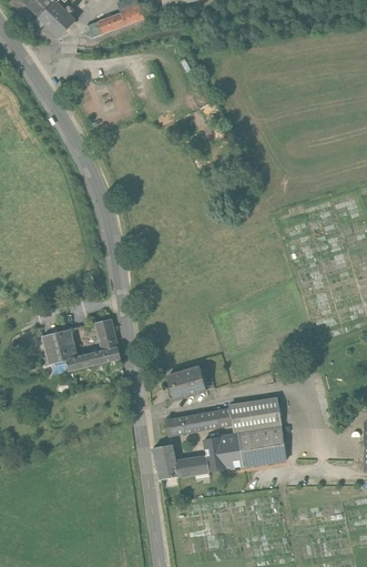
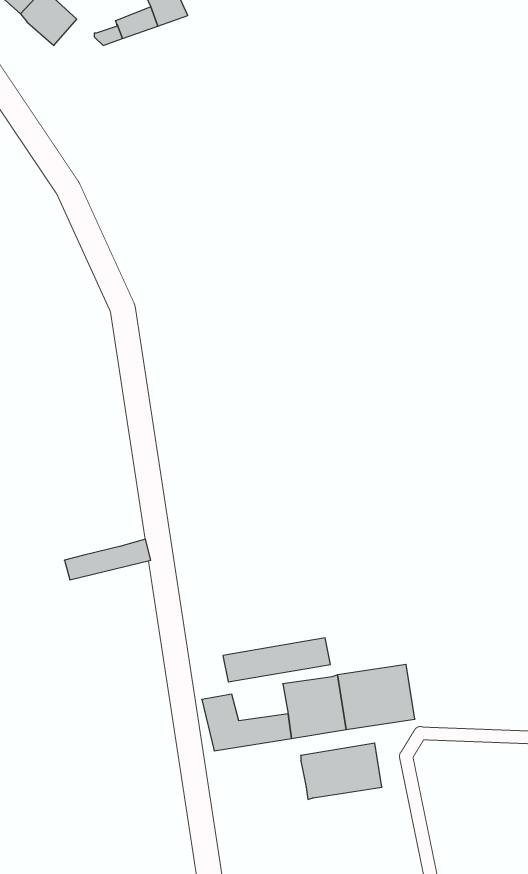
building: [94,318,116,351] -> none
building: [41,328,78,364] -> none
building: [166,366,206,402] -> none
building: [230,397,281,433] -> [301,743,382,799]

